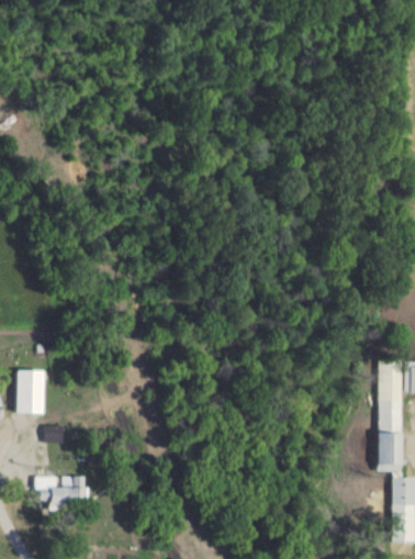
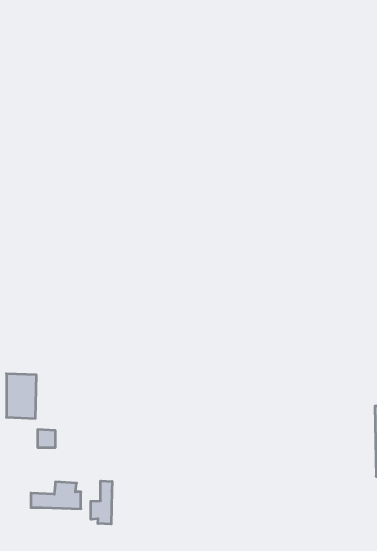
building: none -> [91,481,112,524]

